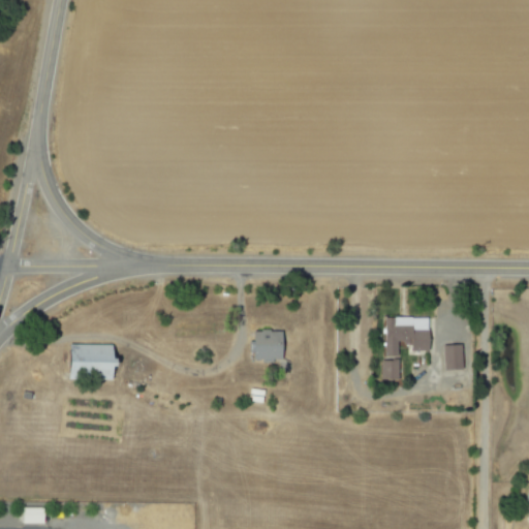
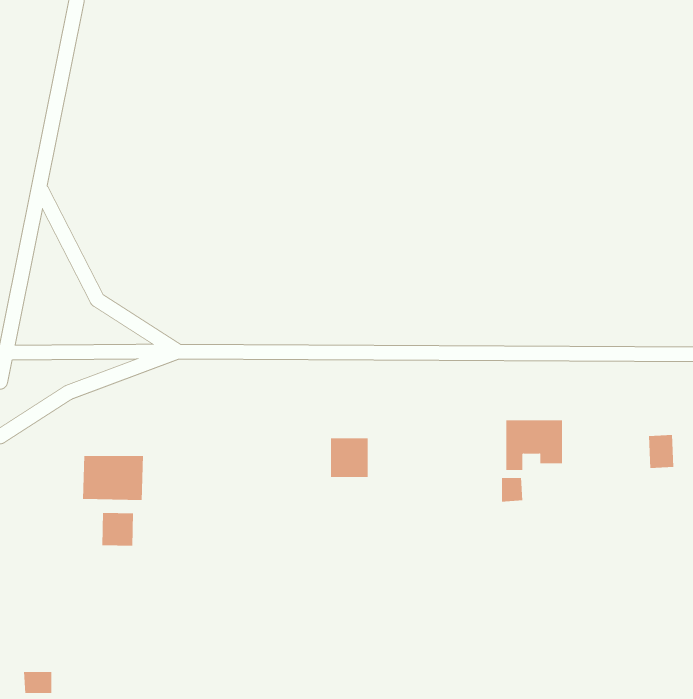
building: [444,344,464,370] -> [648,434,674,469]
building: none -> [102,512,133,546]

